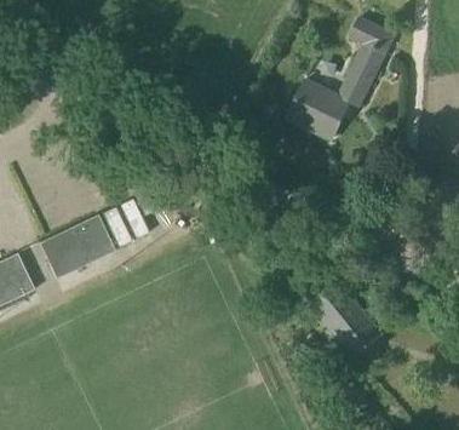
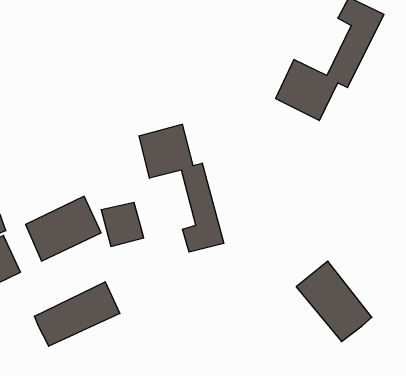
building: none -> [139,124,224,252]
building: none -> [34,282,120,346]

